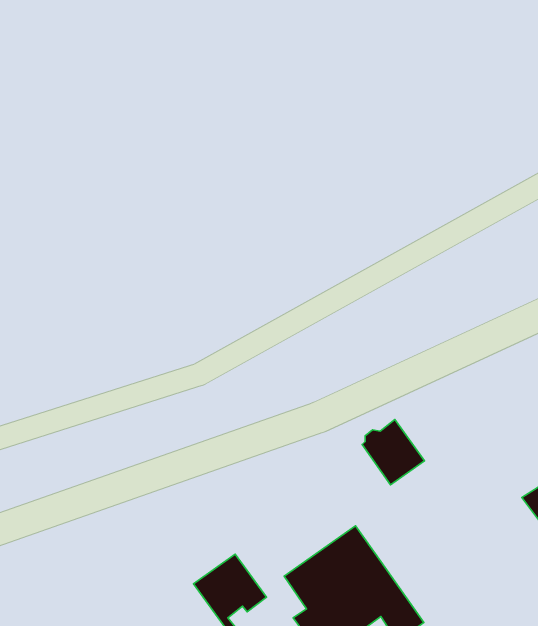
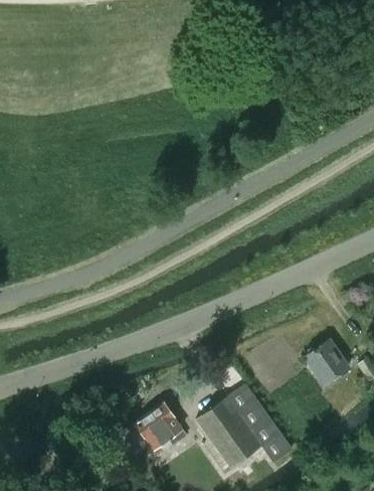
building: [362,419,425,485] -> [307,340,349,384]

